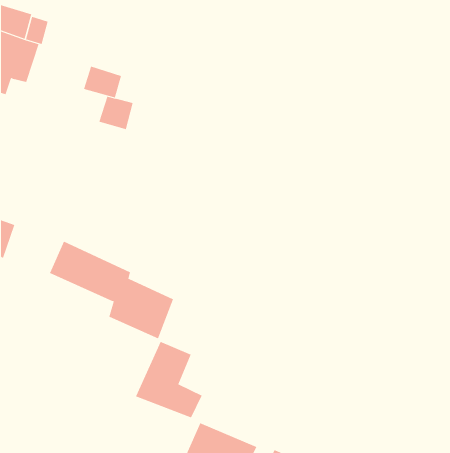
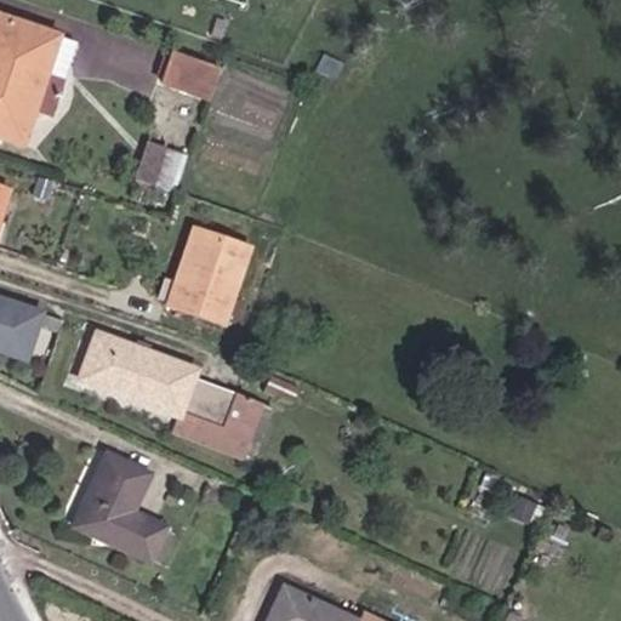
building: [83,66,122,98] -> [166,42,218,86]
building: none -> [171,230,250,320]
building: [135,341,202,418] -> [68,452,159,557]

